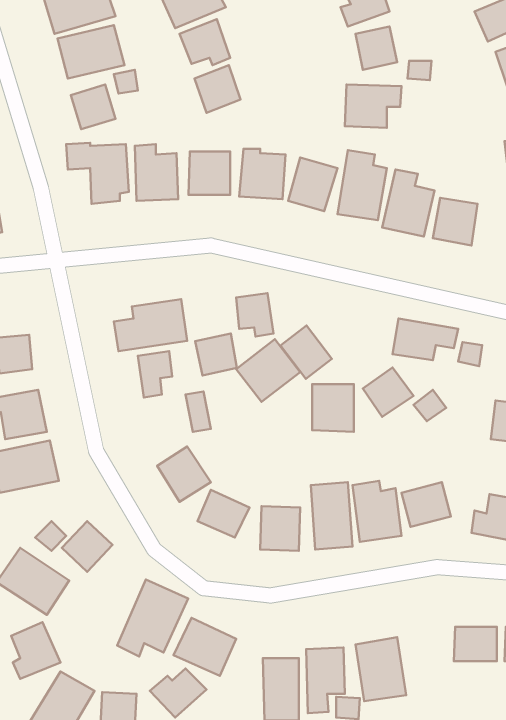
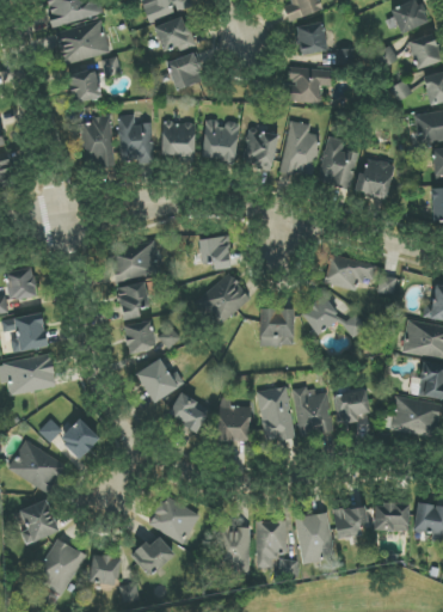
building: [281,325,332,379] -> none
building: [195,334,237,375] -> [123,320,156,354]
building: [117,579,188,657] -> none
building: none -> [333,506,368,539]

